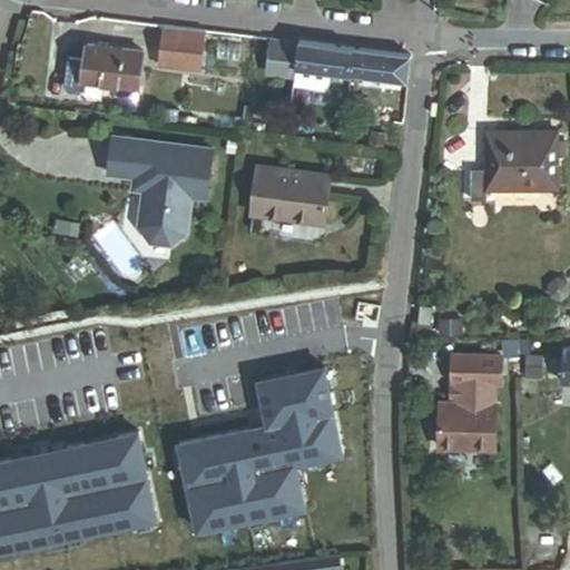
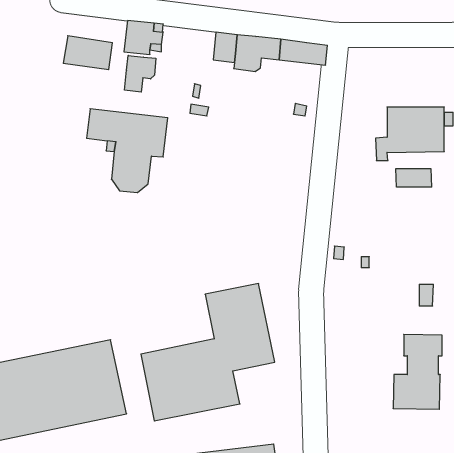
building: none -> [125,55,156,92]
building: [250,171,326,227] -> none
building: none -> [396,169,432,187]
building: [438,358,499,452] -> [393,334,442,409]

